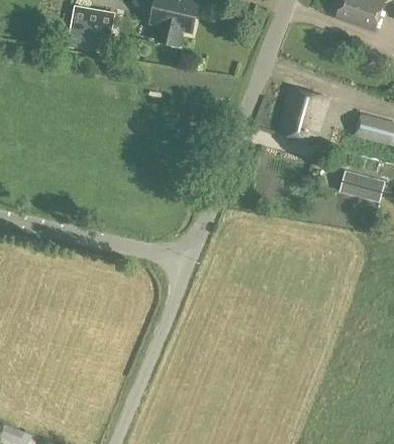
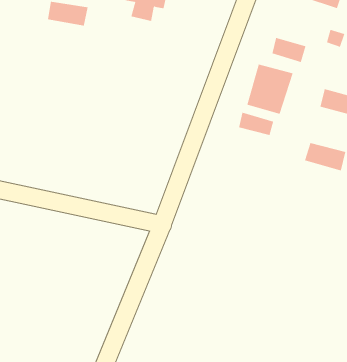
building: none -> [272,37,306,63]
building: none -> [238,112,274,136]

